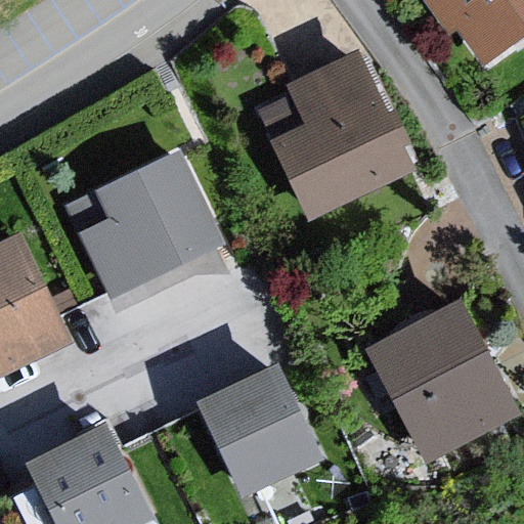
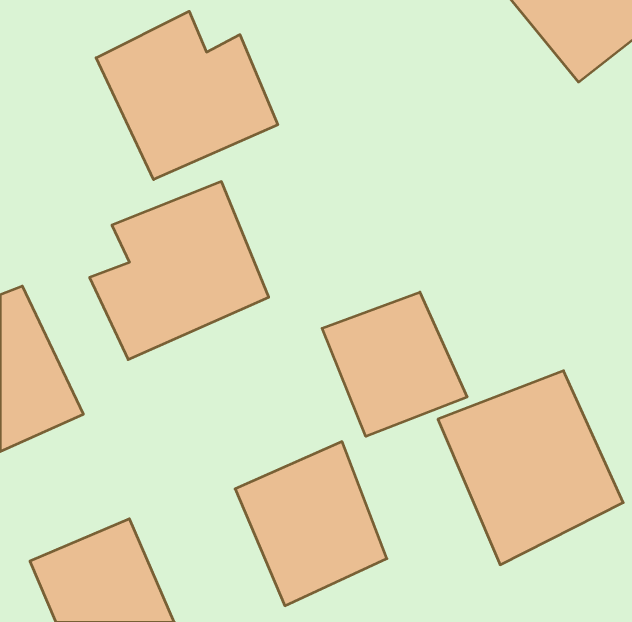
building: none -> [96,11,278,180]
building: [278,54,416,216] -> none
building: none -> [322,292,467,436]

